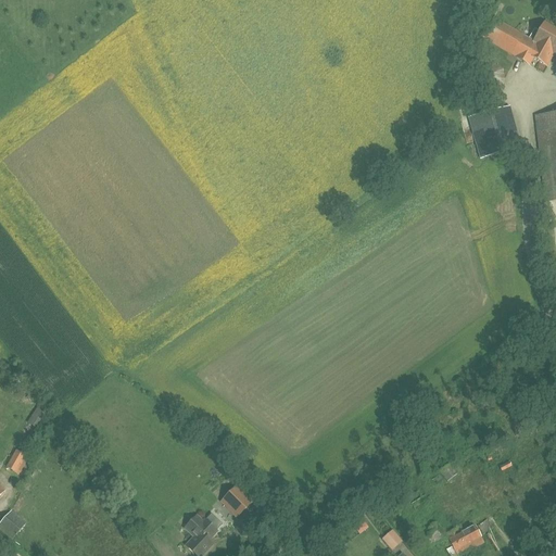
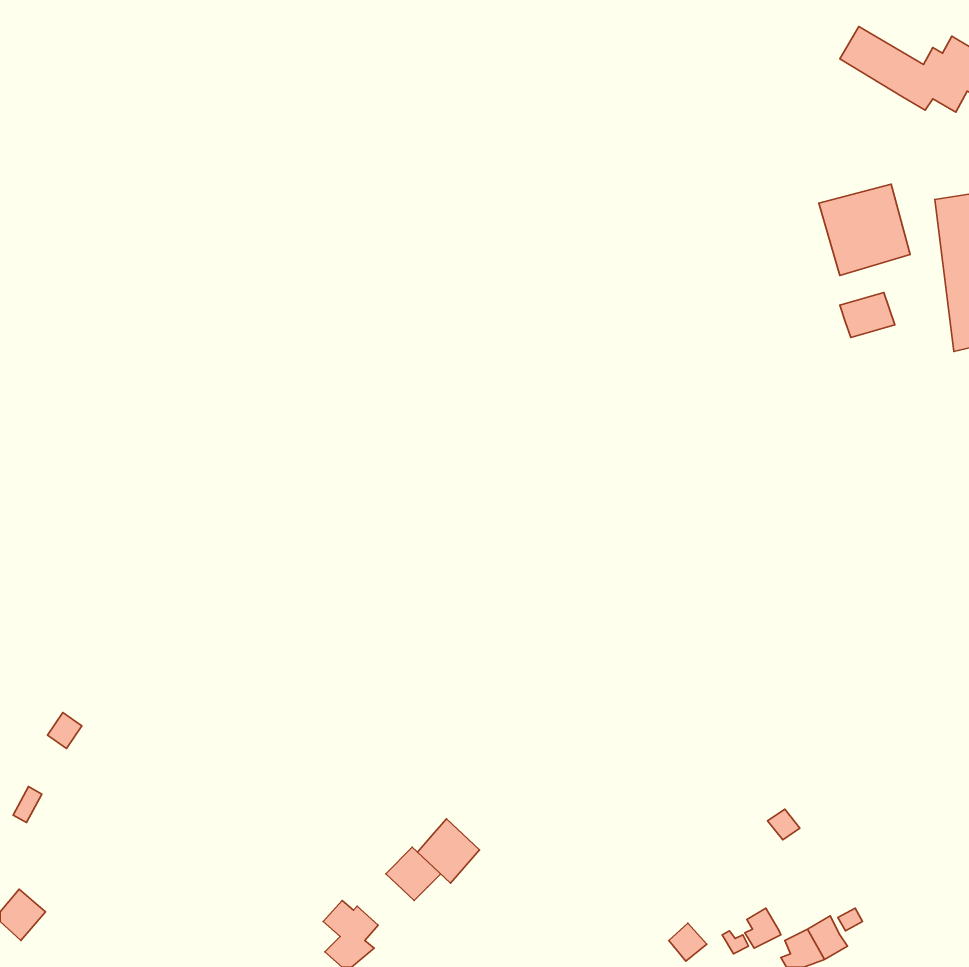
building: none -> [840,292,895,338]
building: none -> [417,819,480,883]

